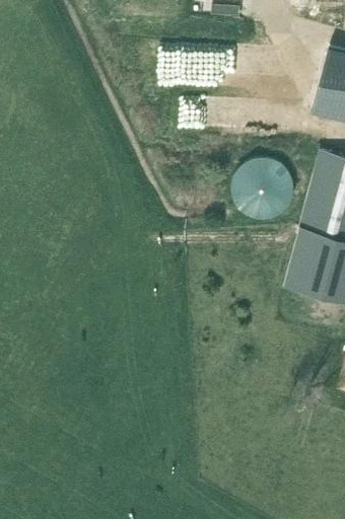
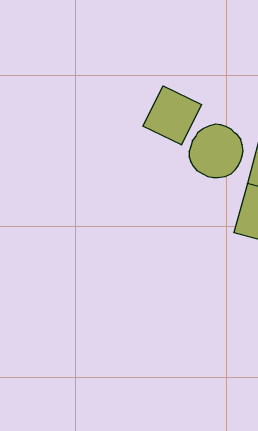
building: none -> [143,86,202,145]

